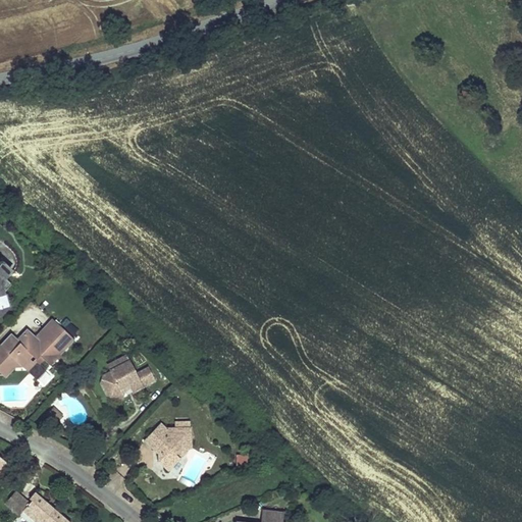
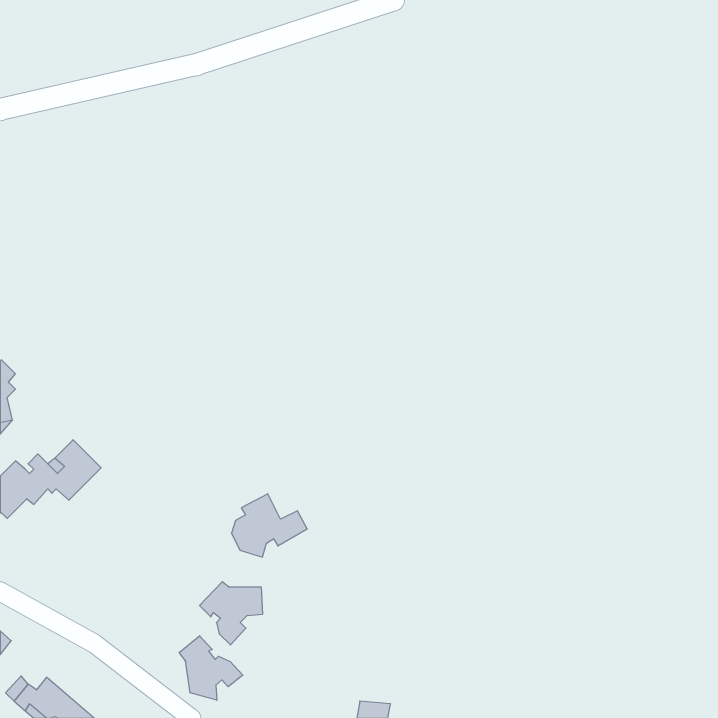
building: [100,356,155,402] -> [231,494,307,557]
building: none -> [179,636,243,700]

